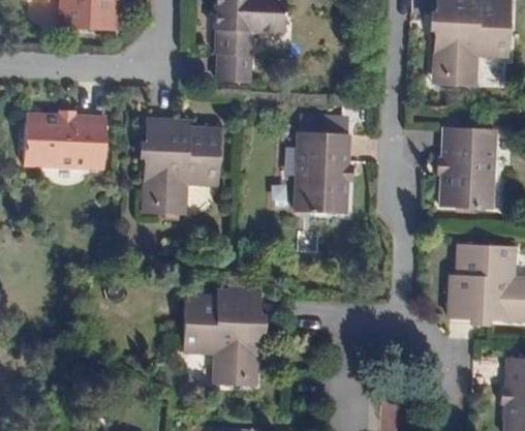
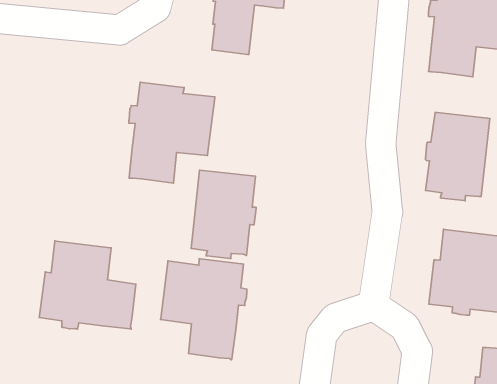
building: [24,110,105,171] -> none
building: [292,131,354,217] -> [191,170,256,259]
building: none -> [39,241,136,329]

